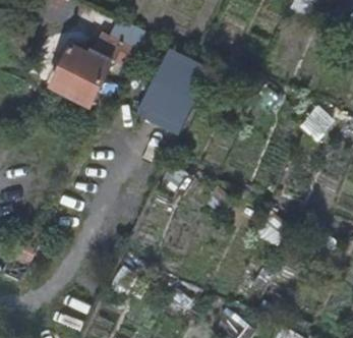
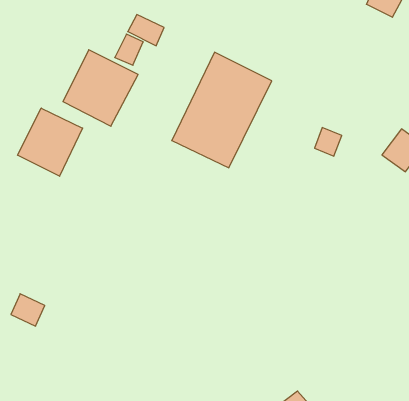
building: none -> [18,108,83,176]

